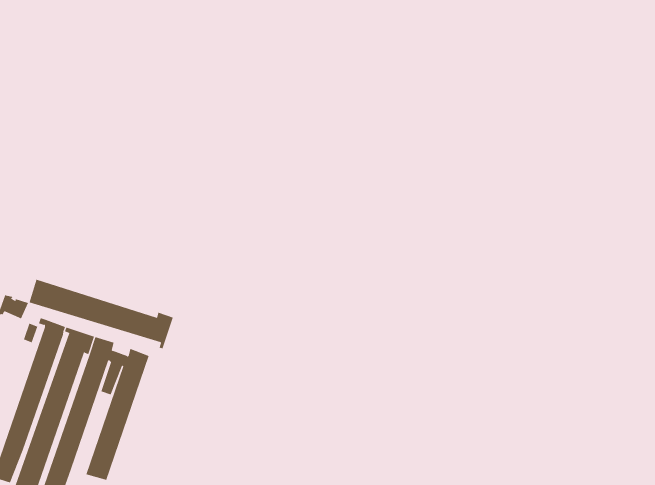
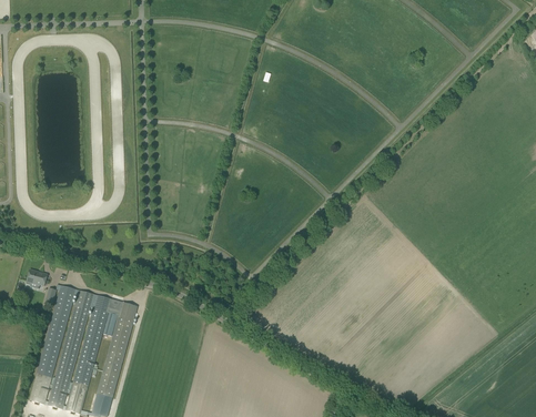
building: [29,279,174,349] -> none

